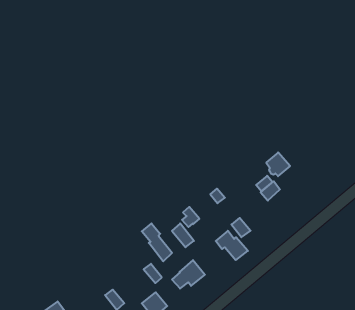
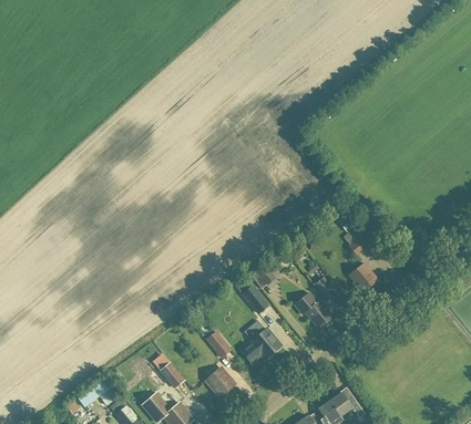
building: [266,152,290,176] -> [349,262,378,291]
building: [142,223,172,261] -> none

